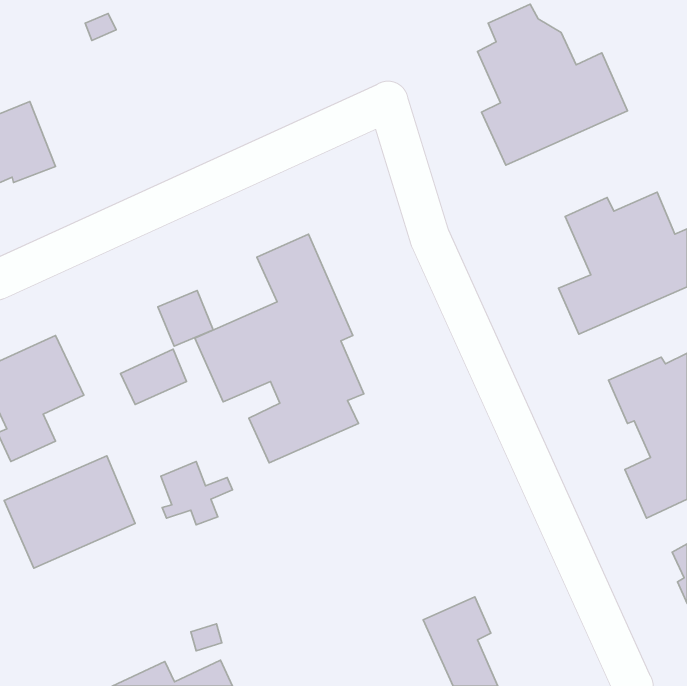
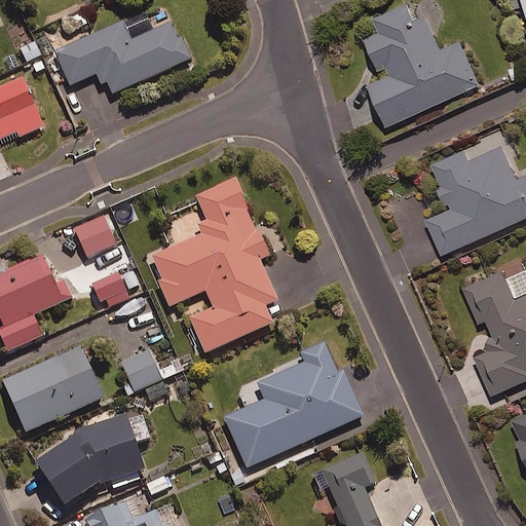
building: none -> [54,21,187,93]
building: [158,291,213,346] -> [74,214,116,256]
building: none -> [224,340,362,466]
building: none -> [37,406,151,508]

